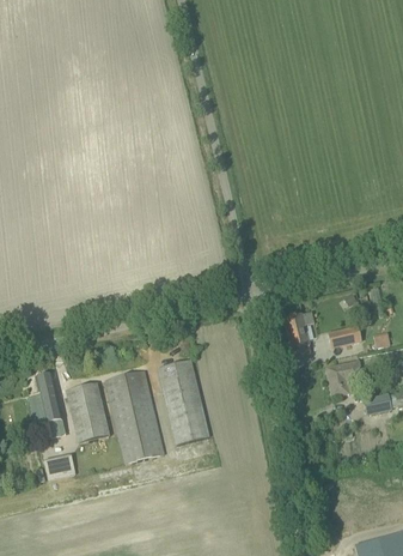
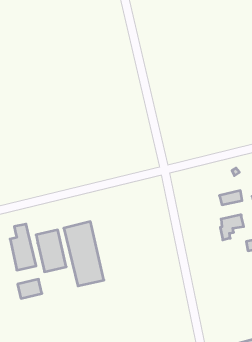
building: [283,312,313,356] -> none
building: [158,359,208,443] -> none

